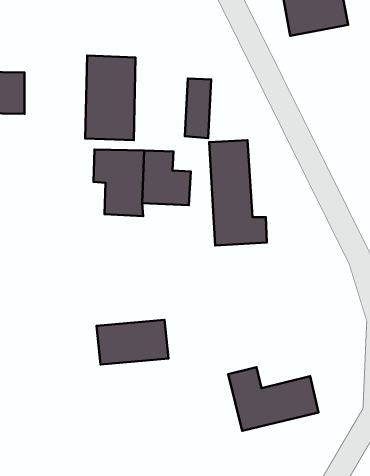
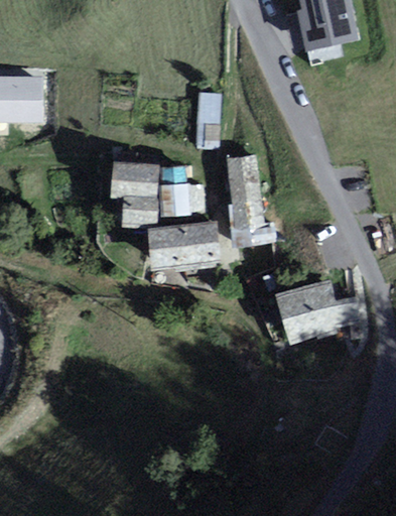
building: [85,56,136,140] -> none
building: [96,320,168,364] -> [147,225,219,269]
building: [228,367,318,431] -> [276,283,366,347]

